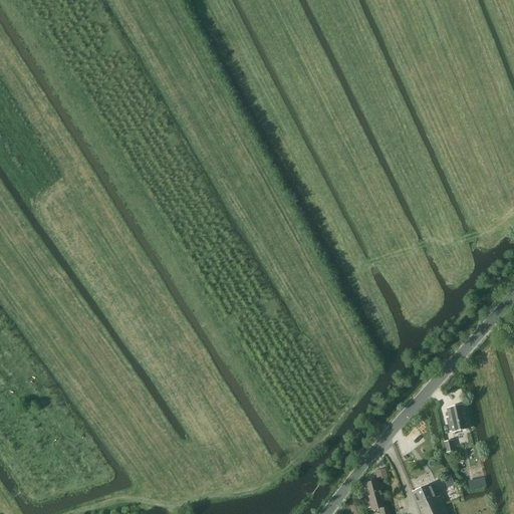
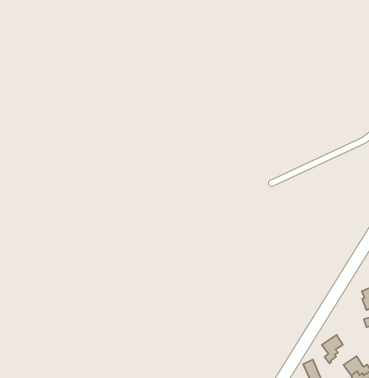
building: none -> [322,335,343,363]

